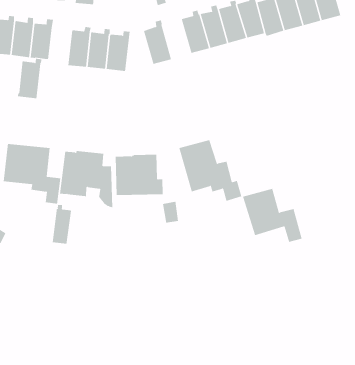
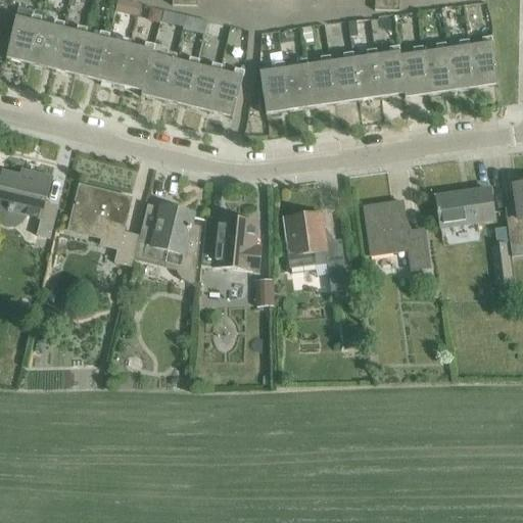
building: none -> [284,56,314,108]
building: [17,58,42,99] -> [141,50,177,99]
building: none -> [436,187,493,224]
building: [242,188,303,243] -> [364,199,429,267]
building: [52,204,71,245] -> none

